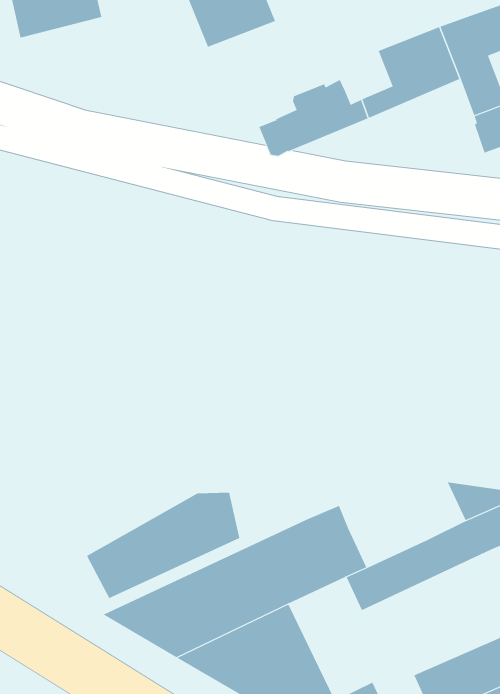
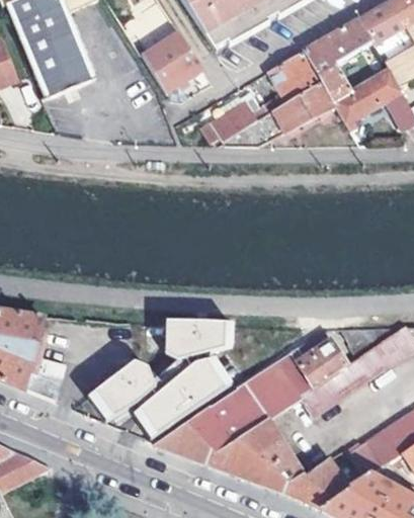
building: none -> [223,79,335,145]
building: none -> [167,323,236,361]
building: none -> [88,363,156,419]
building: none -> [289,343,347,388]

